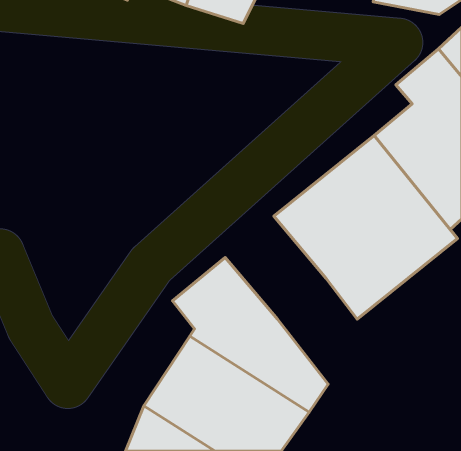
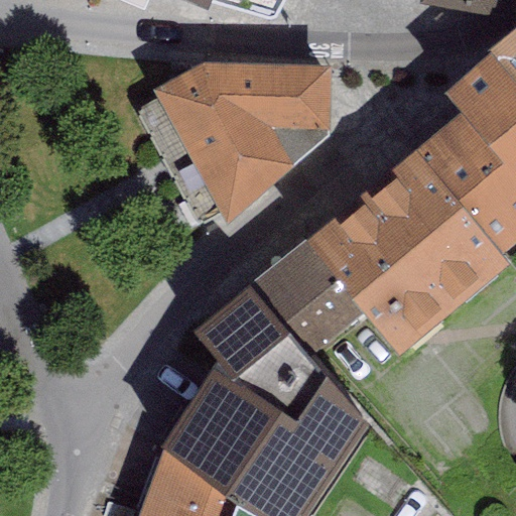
building: none -> [152,57,330,220]
building: none -> [248,237,365,356]

